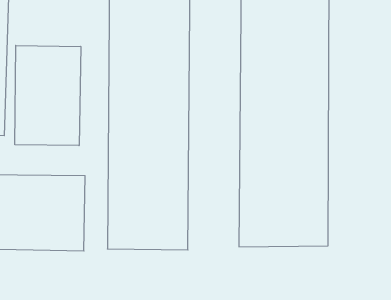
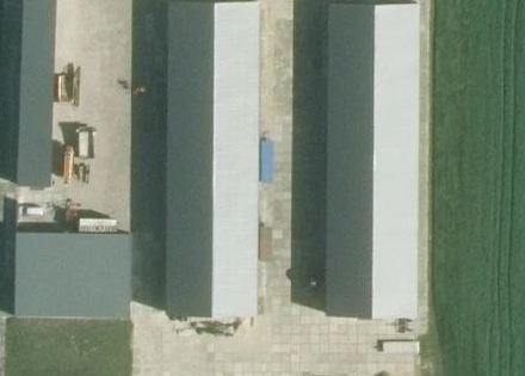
building: [15,45,81,146] -> none

